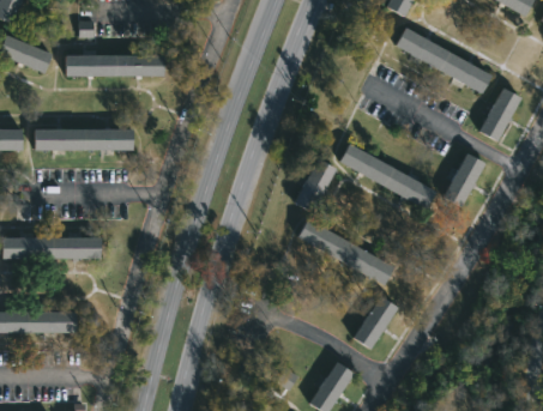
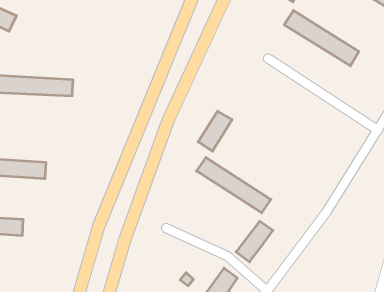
building: [65,54,163,78] -> none
building: [479,87,521,141] -> none
building: [339,143,438,210] -> none
building: [444,153,487,207] -> none

